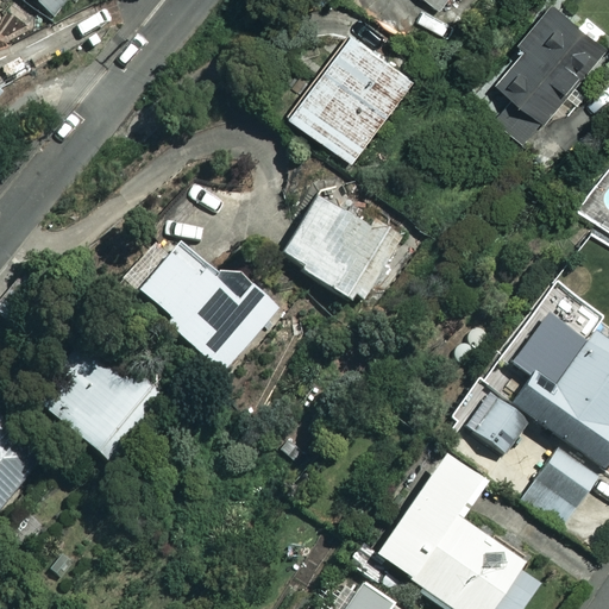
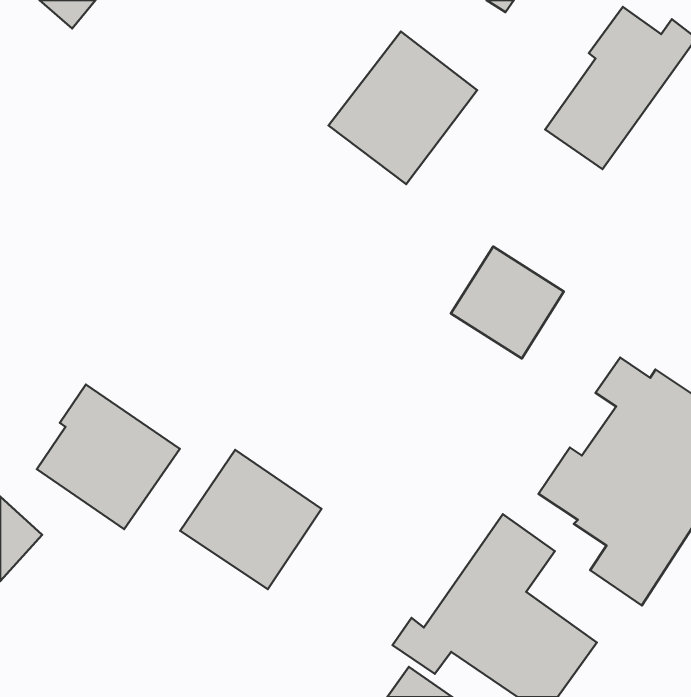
building: [282,195,381,293] -> [451,247,564,358]
building: [138,244,284,375] -> none
building: none -> [180,450,321,589]

